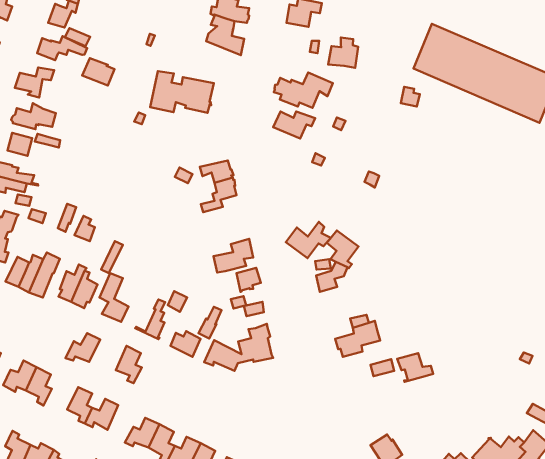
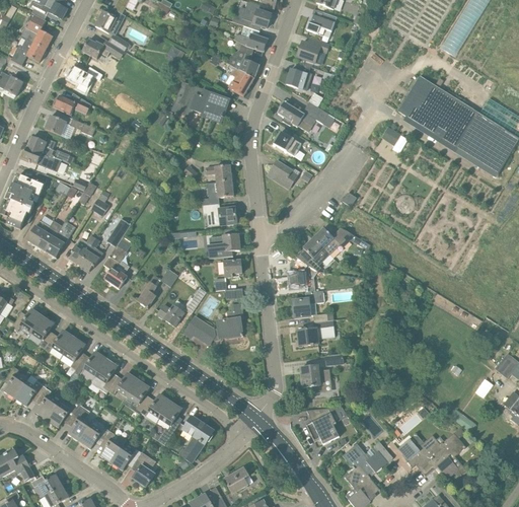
building: [328,37,358,68] -> [286,63,313,90]
building: none -> [224,62,254,96]
building: [82,58,114,86] -> none
building: none -> [271,160,300,190]
building: none -> [203,204,236,226]
building: [286,222,331,258] -> [313,225,352,255]
building: none -> [293,290,324,317]
building: [66,333,100,362] -> [44,331,75,355]
building: [116,346,142,383] -> [94,358,118,390]
building: [397,353,433,382] -> [300,365,328,387]

